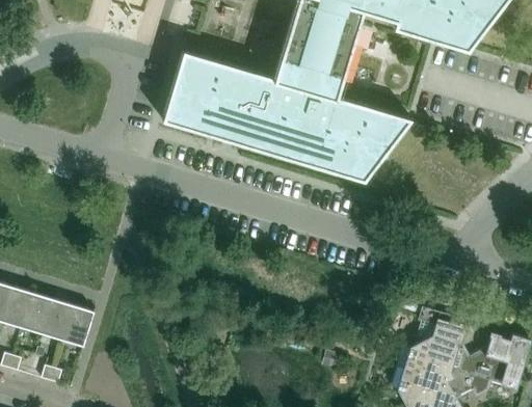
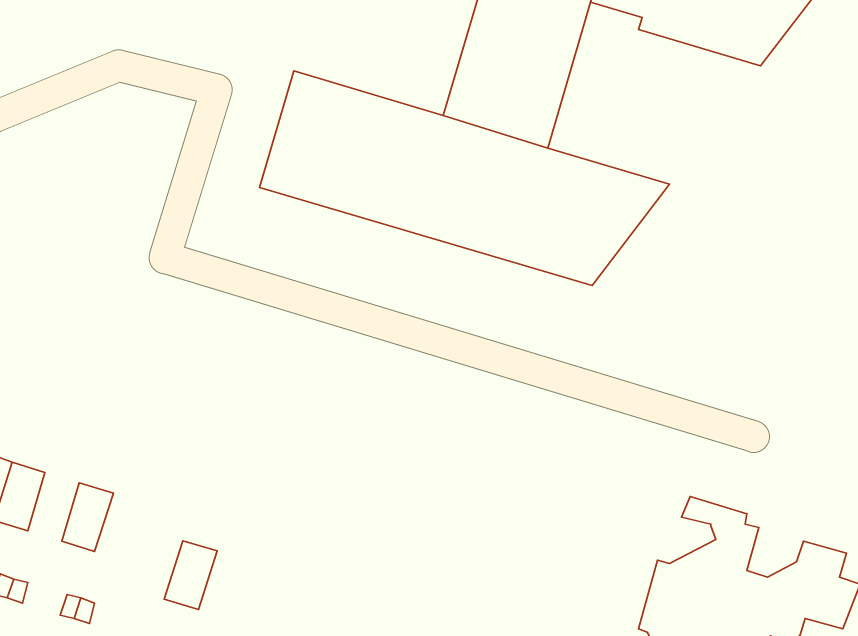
building: [23,295,54,336] -> none
building: [63,307,96,349] -> [164,541,217,609]

